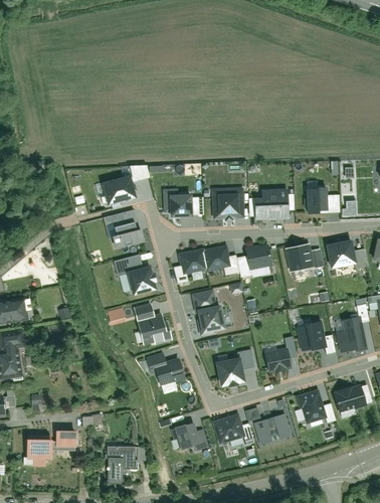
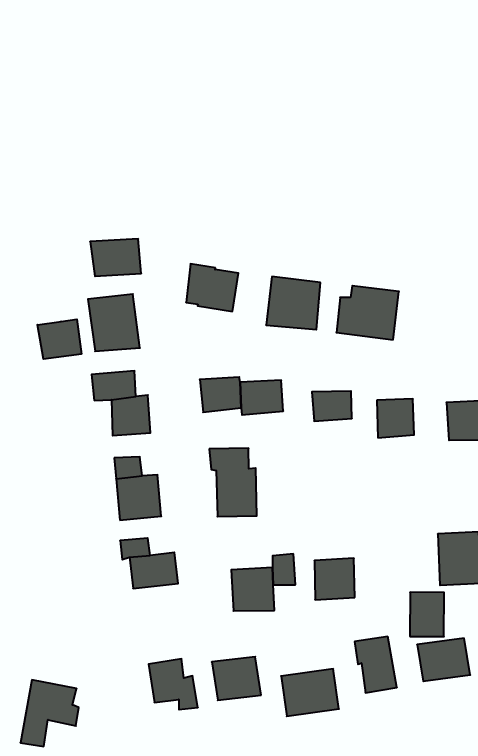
building: [307,182,327,209] -> none
building: none -> [37,319,81,359]
building: [300,319,324,348] -> [410,592,444,637]

